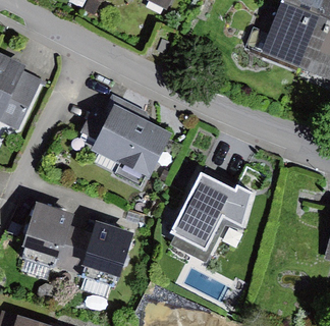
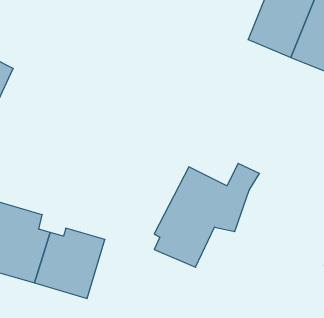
building: [92,103,173,185] -> none

